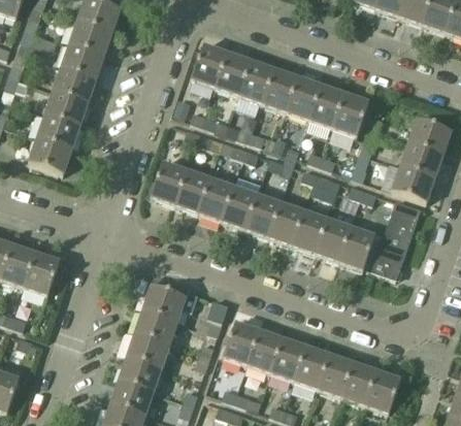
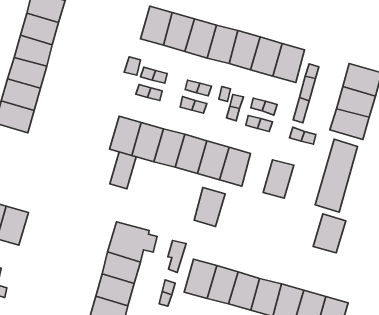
building: none -> [110,152,136,189]
building: [292,209,327,253] -> [194,187,225,227]
building: [337,225,374,268] -> [313,214,346,253]

